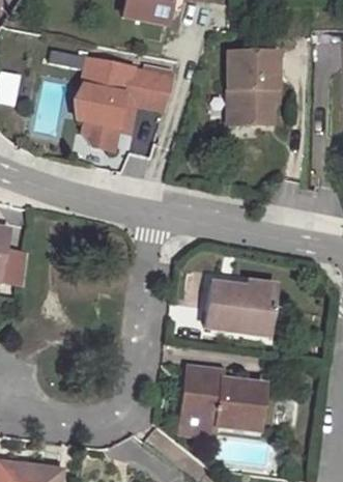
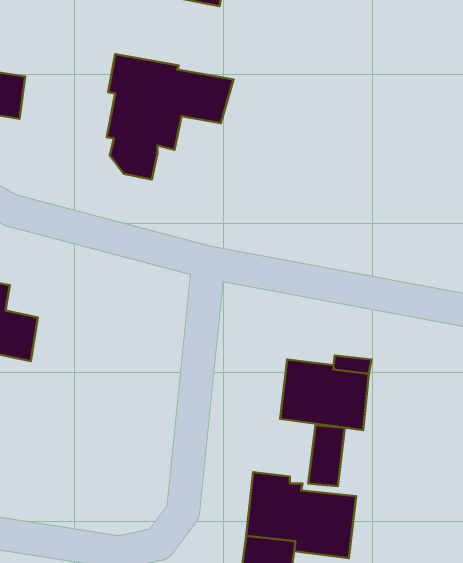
building: [227,50,278,122] -> none
building: none -> [308,425,345,486]

